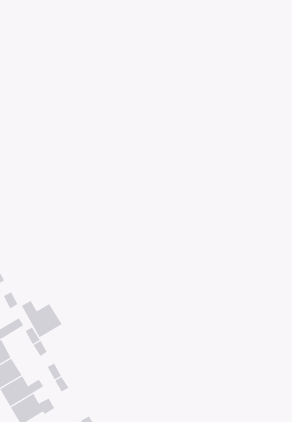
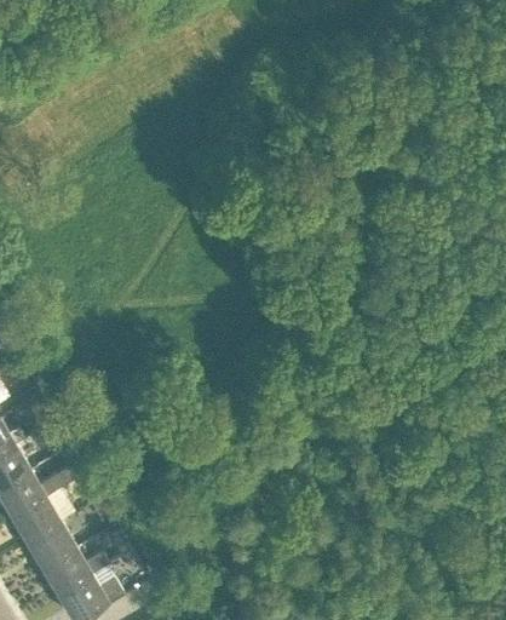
building: [21,300,62,338] -> none

